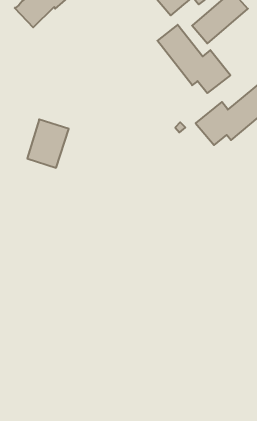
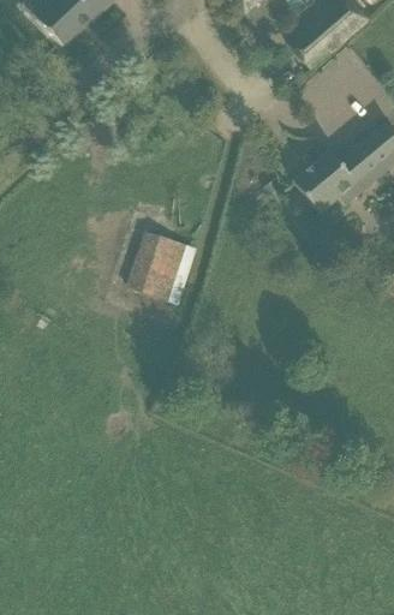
building: [157,25,230,93] -> none
building: [27,119,69,168] -> [130,228,189,297]

